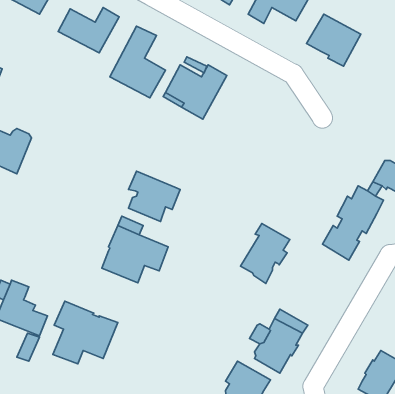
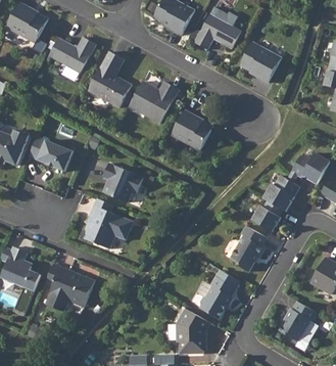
building: none -> [171,109,211,149]
building: none -> [28,135,73,171]
building: [241,224,290,283] -> [229,225,267,271]

